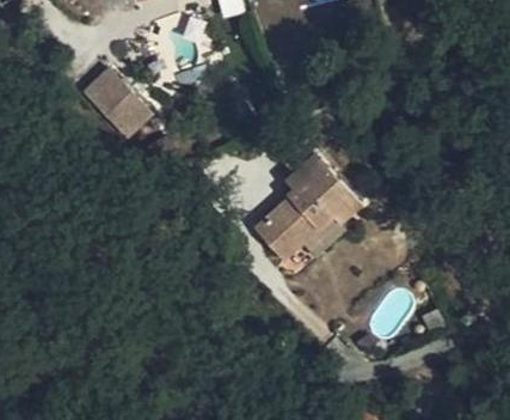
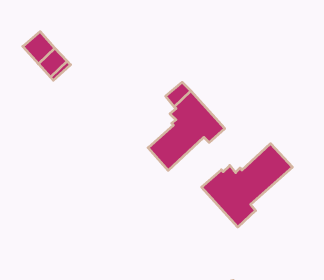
building: none -> [202,144,292,227]

